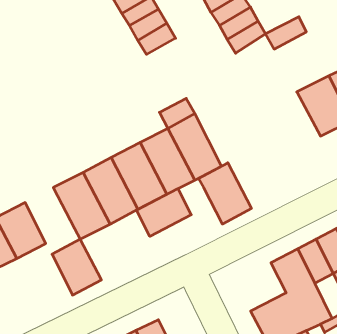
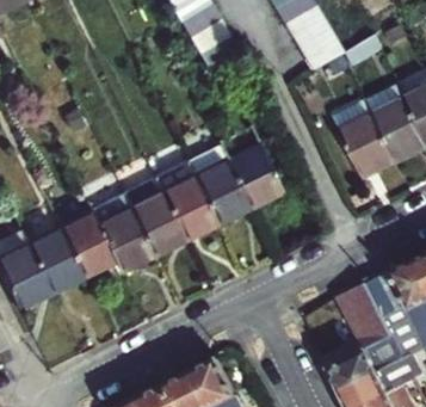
building: none -> [341,109,395,171]
building: [199,163,251,224] -> none
building: [137,189,191,236] -> none
building: [52,239,101,295] -> [67,215,122,277]

